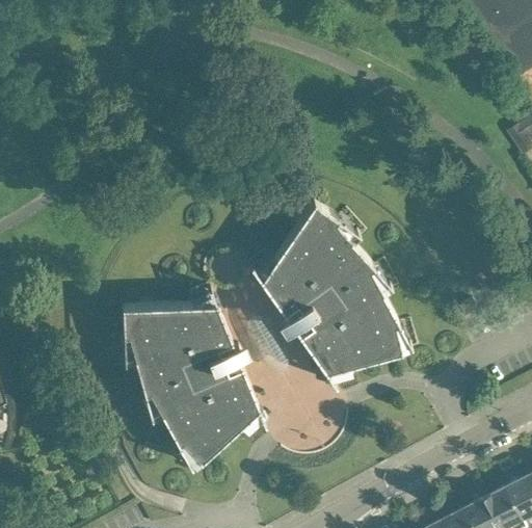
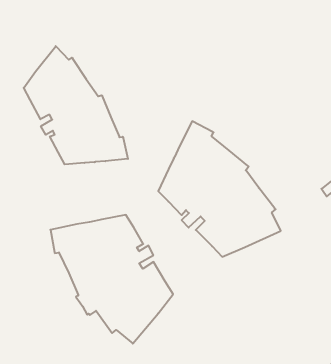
building: none -> [24,46,128,164]

